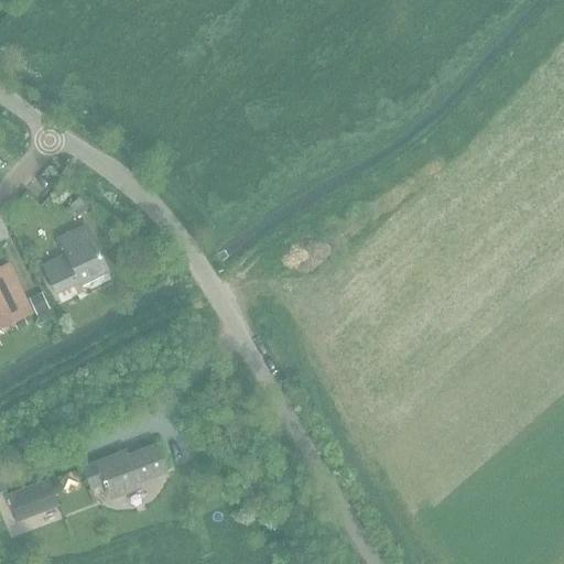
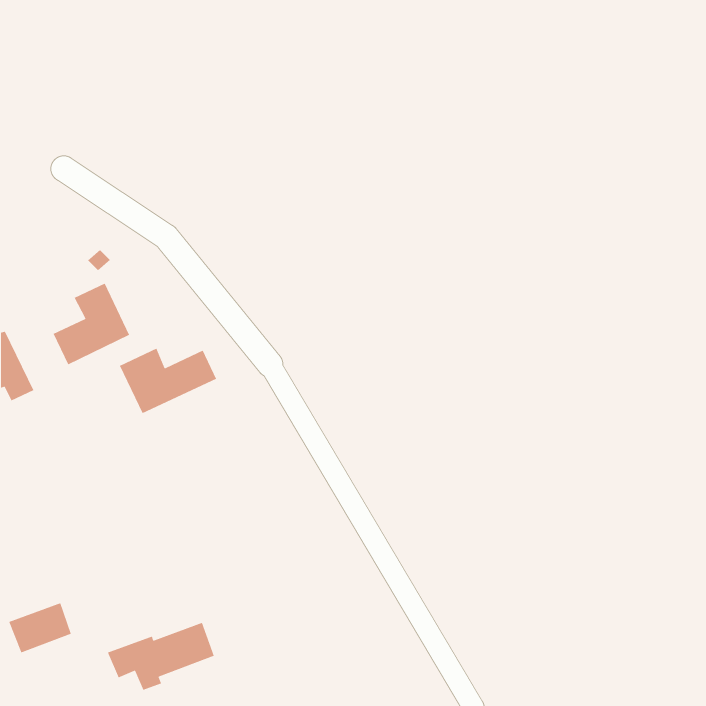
building: none -> [119,347,217,414]
building: [82,444,167,499] -> [107,622,215,691]

